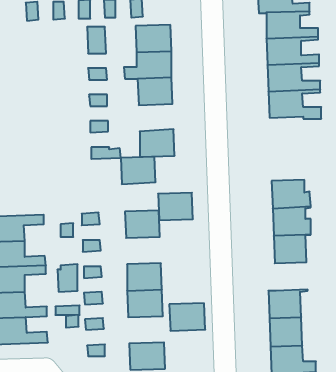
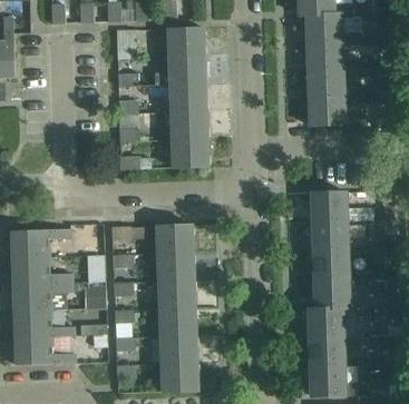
building: [121,157,156,184] -> [171,111,207,140]
building: [158,193,193,220] -> [157,252,194,280]
building: none -> [314,278,349,308]
building: [169,303,205,331] -> [159,335,197,364]

